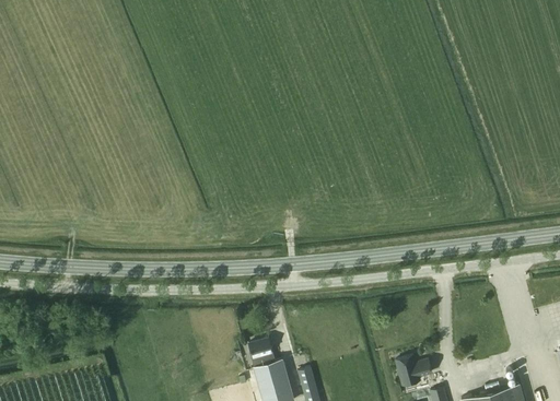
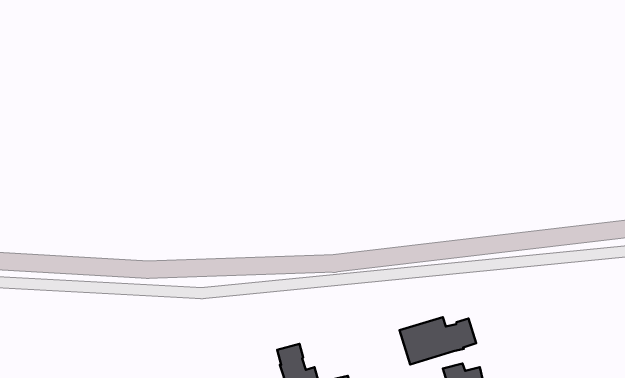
building: none -> [400,317,476,365]

